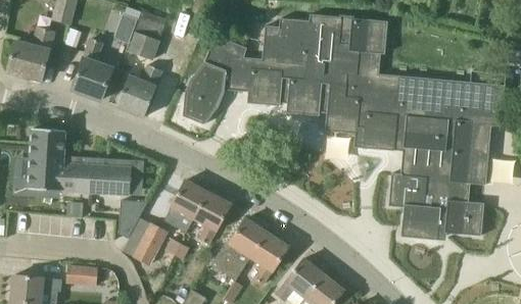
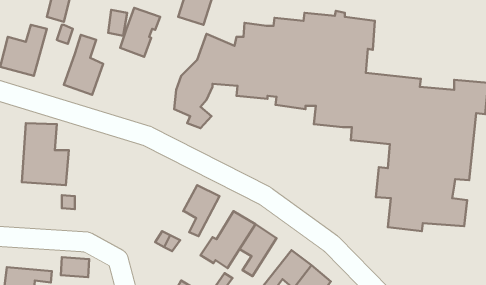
building: [115,64,161,115] -> none
building: [74,155,131,194] -> none
building: [162,178,207,231] -> none
building: [117,199,147,238] -> none
building: [134,222,167,263] -> none

